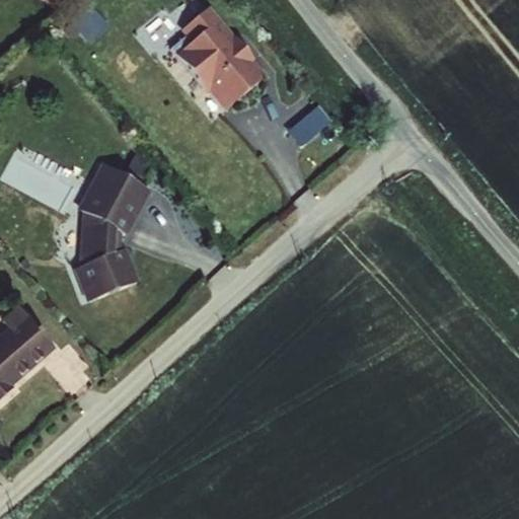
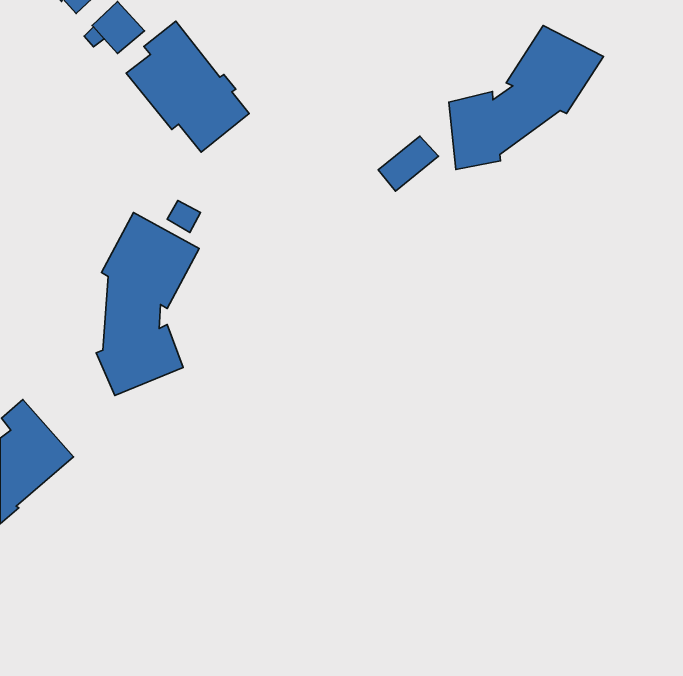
building: [169,4,263,103] -> [126,21,249,152]
building: none -> [449,26,603,170]

